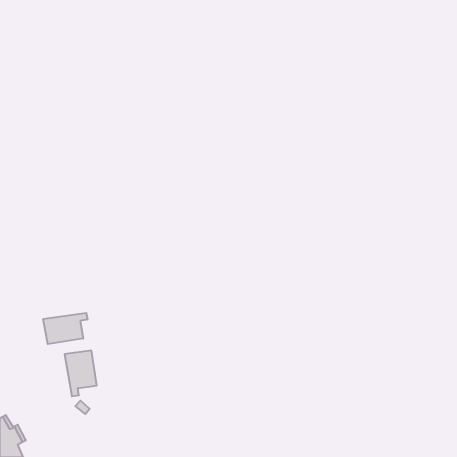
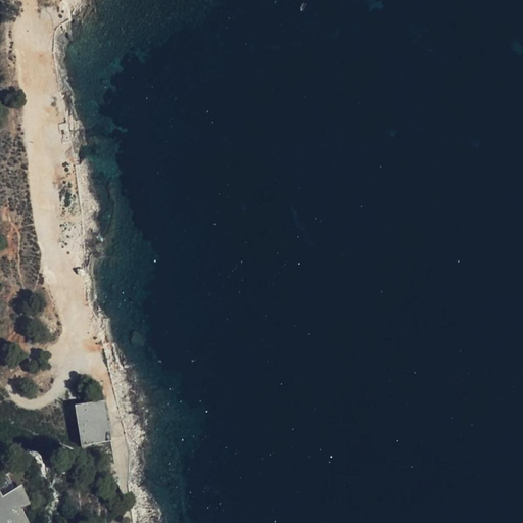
building: [43,313,87,344] -> none

